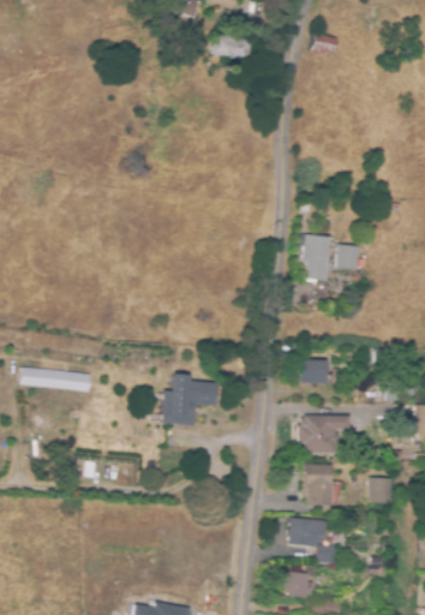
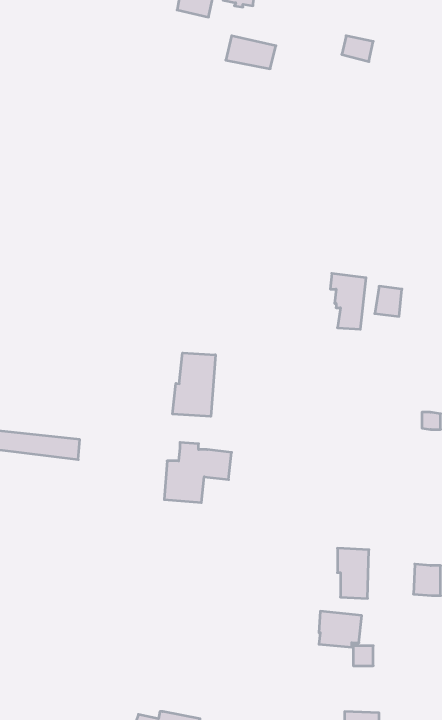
building: none -> [173,353,215,416]
building: [301,359,325,383] -> none
building: [299,416,351,453] -> none
building: [285,572,313,597] -> none

